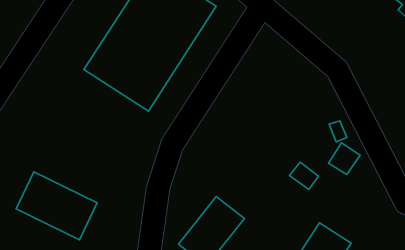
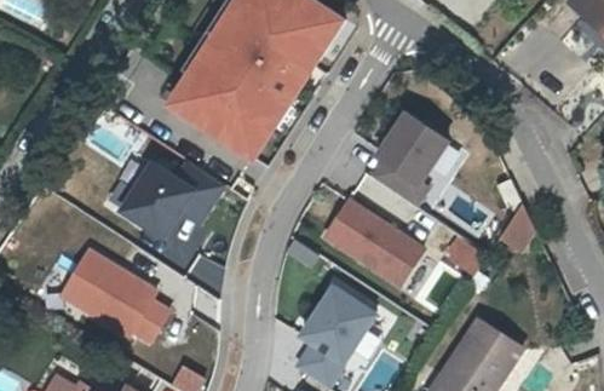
building: none -> [369,110,454,197]
building: none -> [122,154,223,254]
building: none -> [322,196,422,289]

